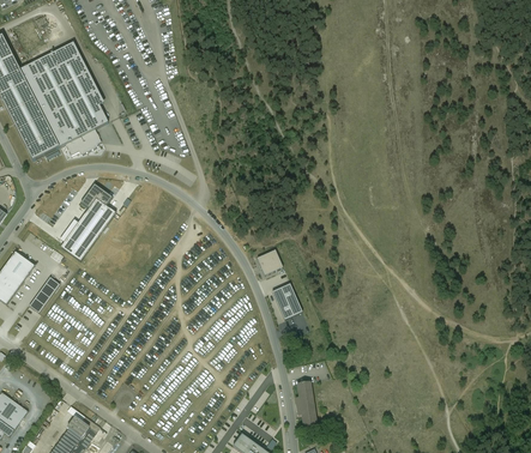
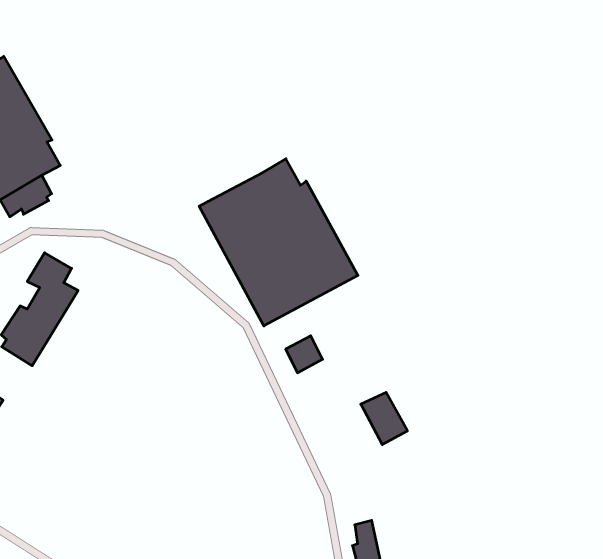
building: none -> [199,159,358,326]
building: [271,283,302,319] -> [361,392,407,445]

